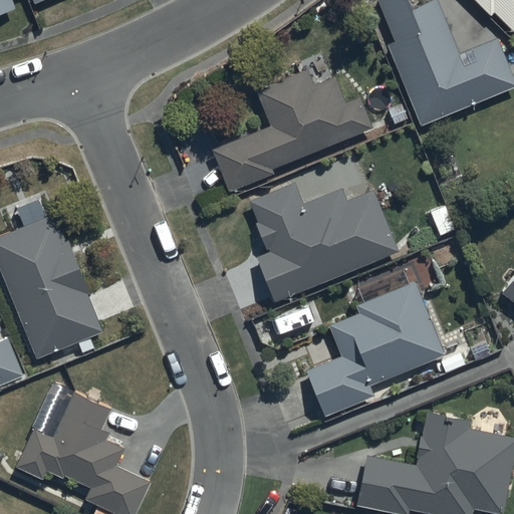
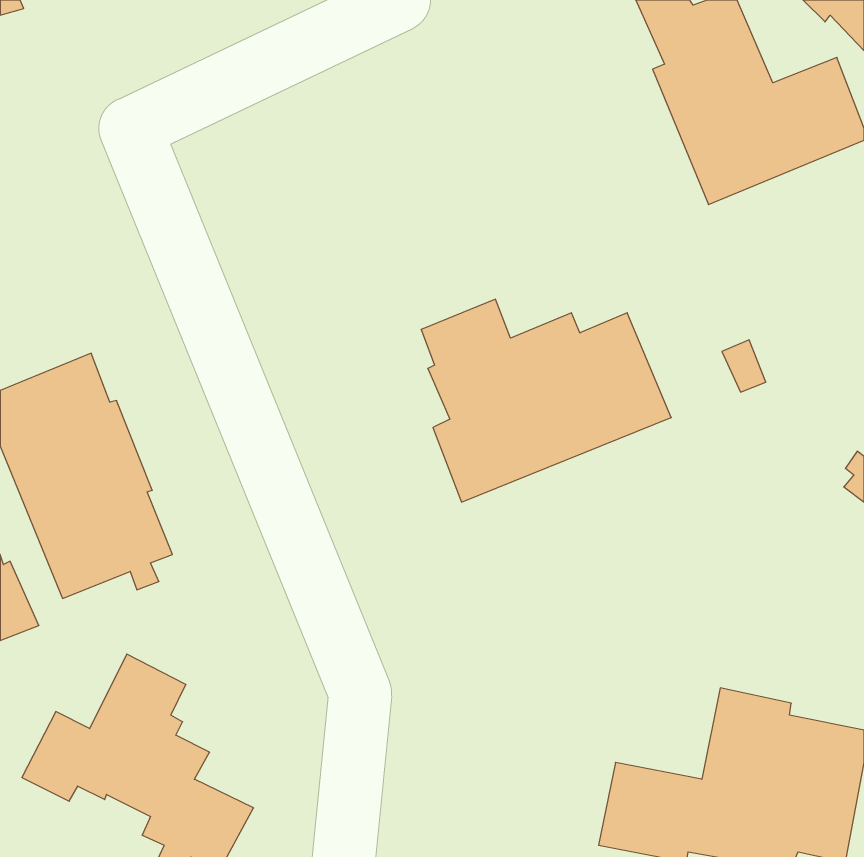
building: [211,71,372,193] -> none
building: [304,271,445,417] -> none

